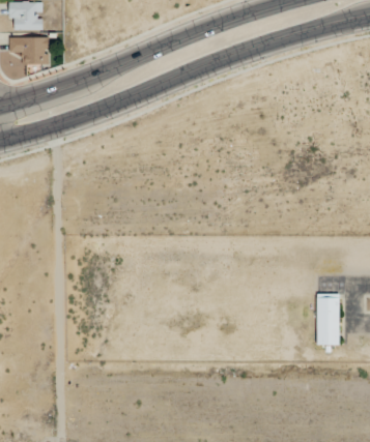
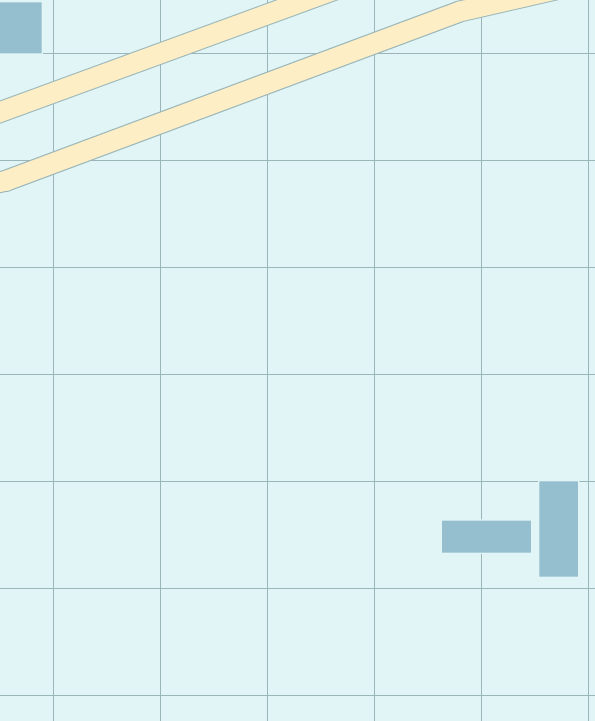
building: none -> [442,520,531,553]

